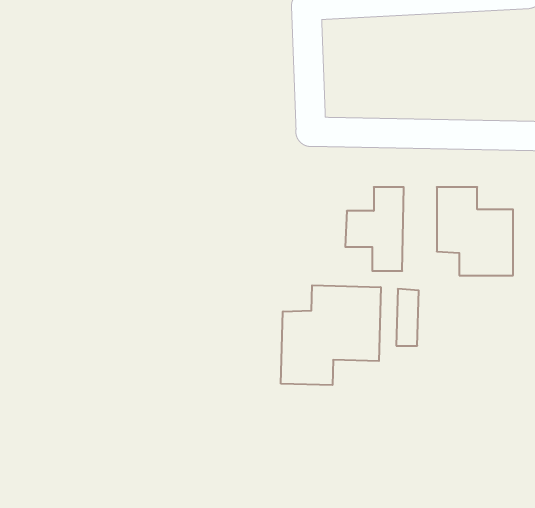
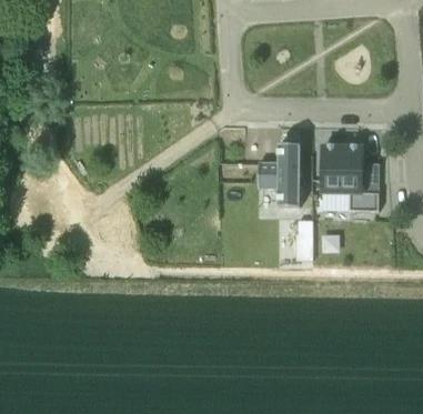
building: [281,285,381,385] -> none

